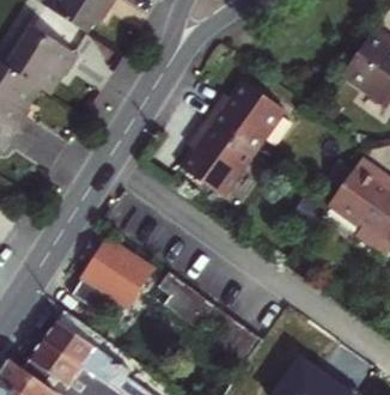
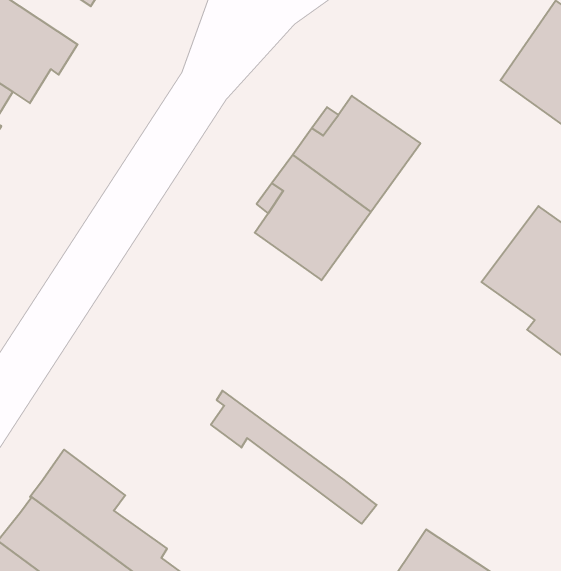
building: [75,239,156,324] -> none

